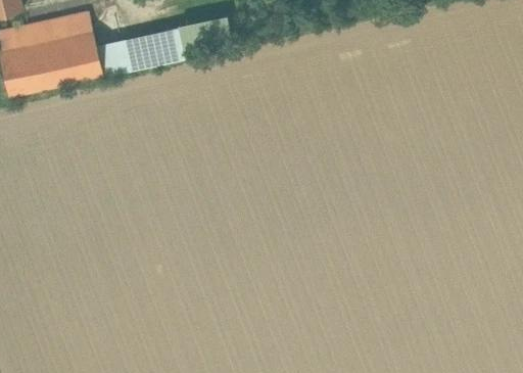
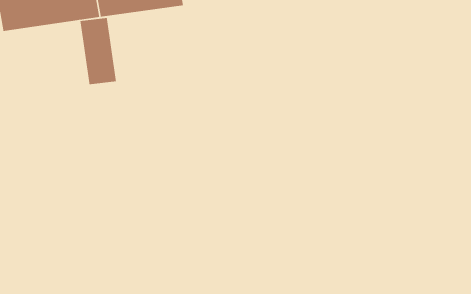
building: none -> [80,17,117,85]

